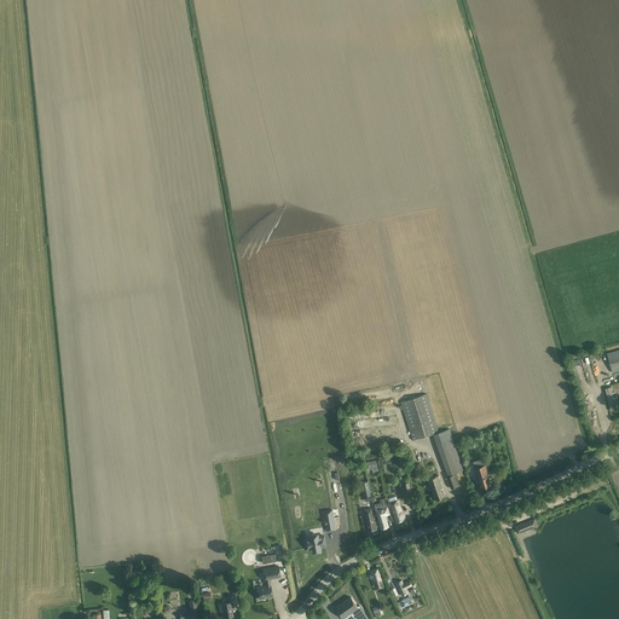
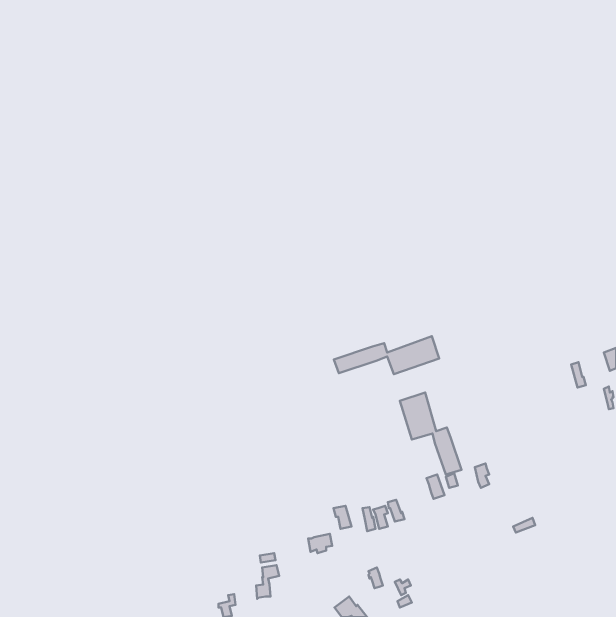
building: none -> [334,336,439,374]

